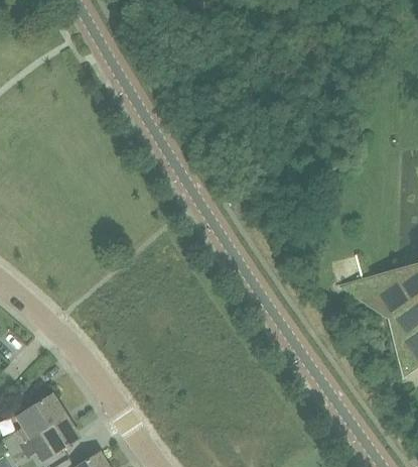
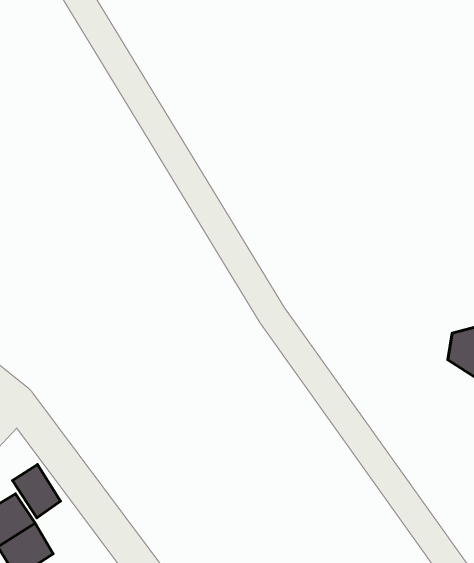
building: none -> [13,464,60,518]

